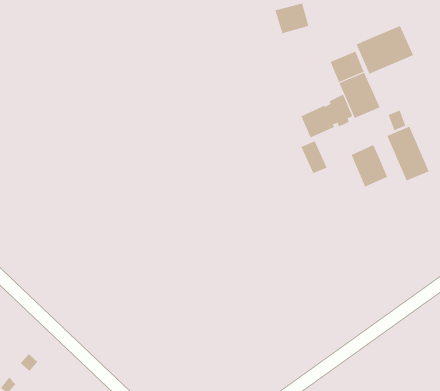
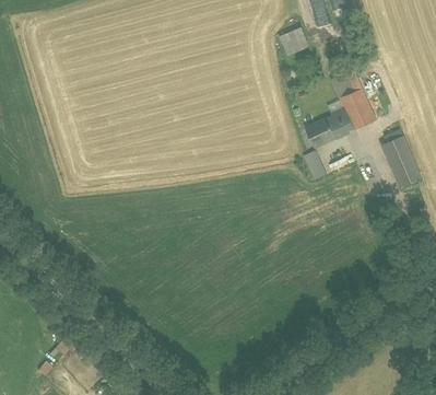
building: [356,25,414,75] -> none
building: [351,144,388,187] -> none

